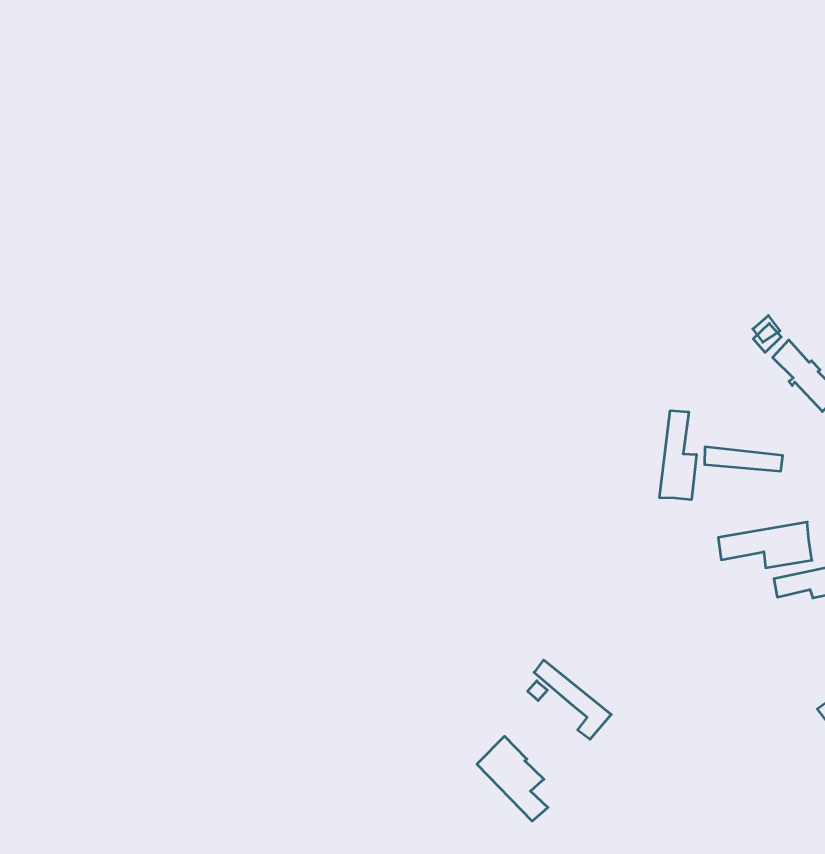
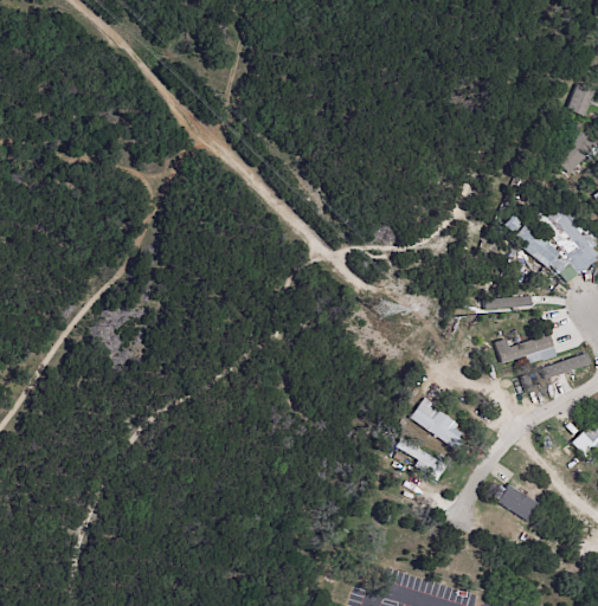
building: [660,411,696,500] -> none
building: [477,736,548,821] -> [412,397,458,445]
building: none -> [496,483,536,520]

